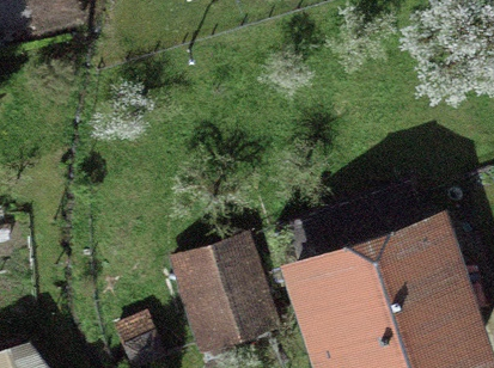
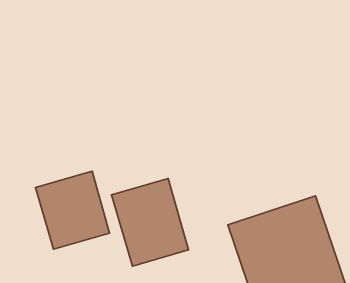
building: none -> [36,171,109,249]

